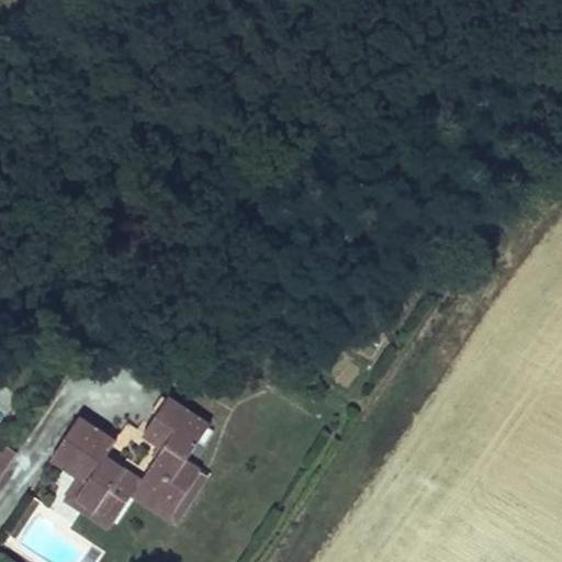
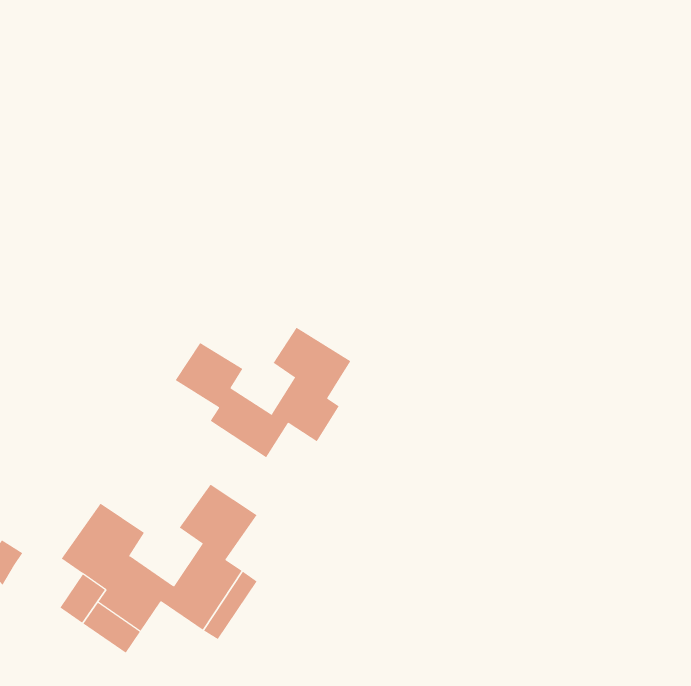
building: none -> [175,327,351,458]

